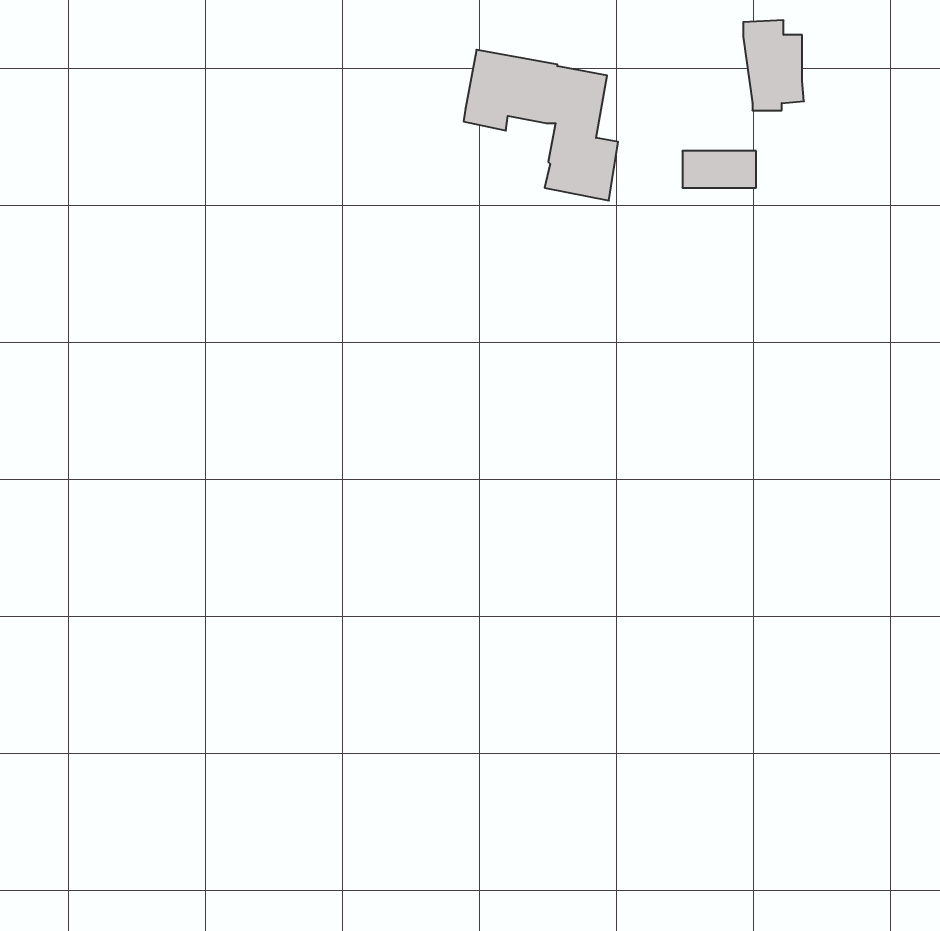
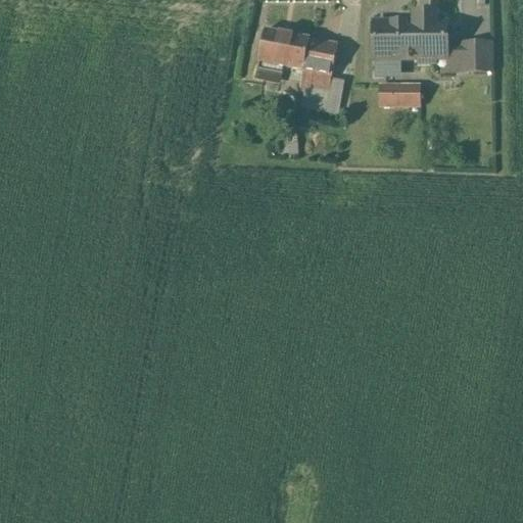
building: none -> [373,20,418,75]
building: none -> [445,42,490,69]

